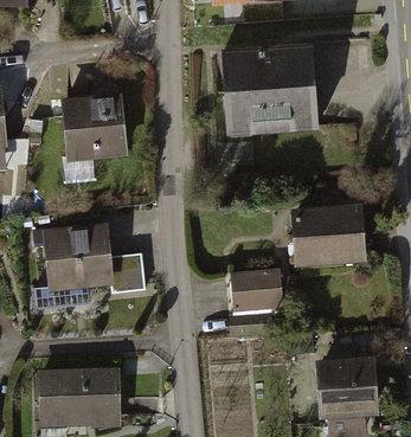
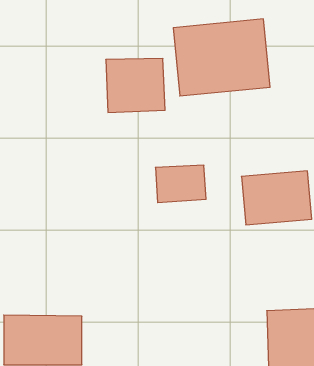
building: [63,105,127,163] -> [106,59,165,112]
building: [41,231,146,295] -> none
building: [227,272,282,313] -> [155,165,206,203]

